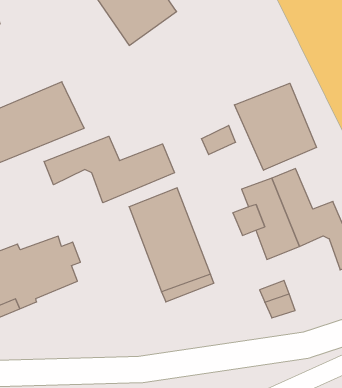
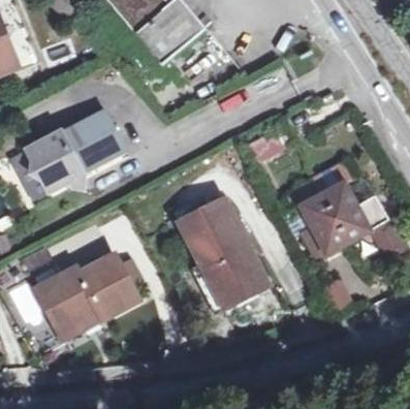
building: [234,83,317,170] -> none
building: [44,136,174,203] -> none

